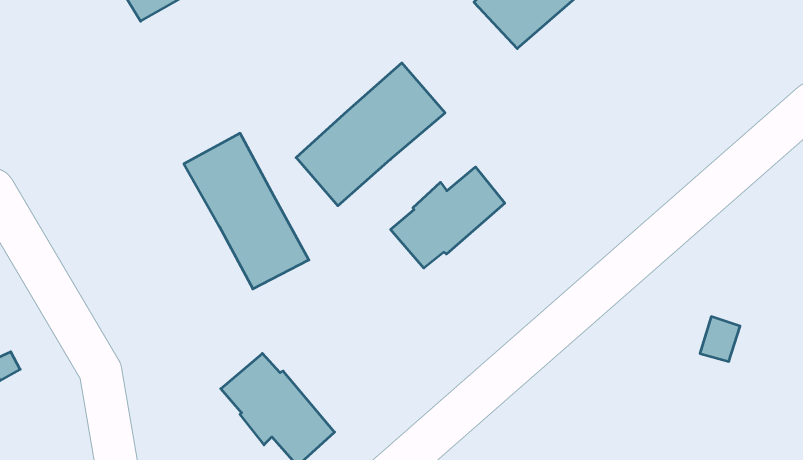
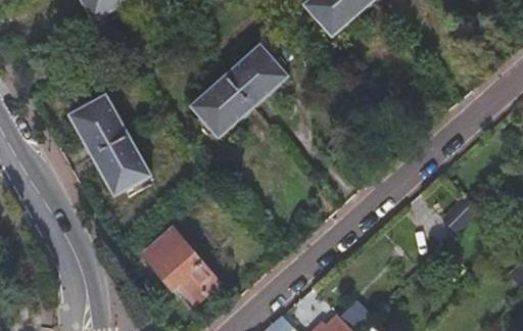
building: [184,133,309,289] -> [69,94,149,193]
building: [391,167,505,268] -> none

